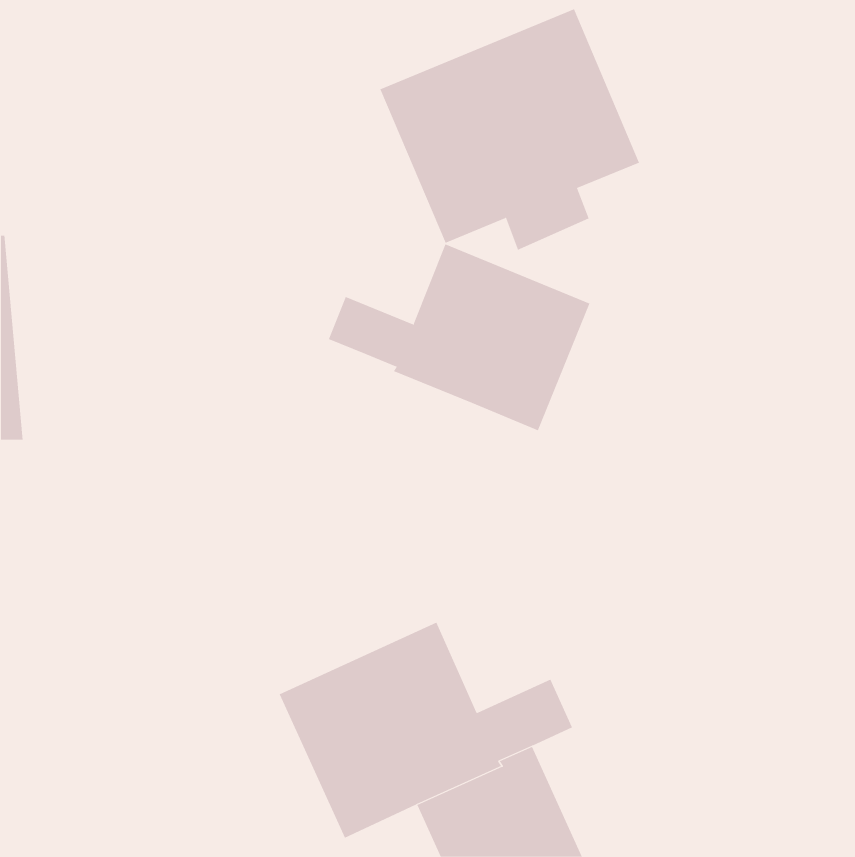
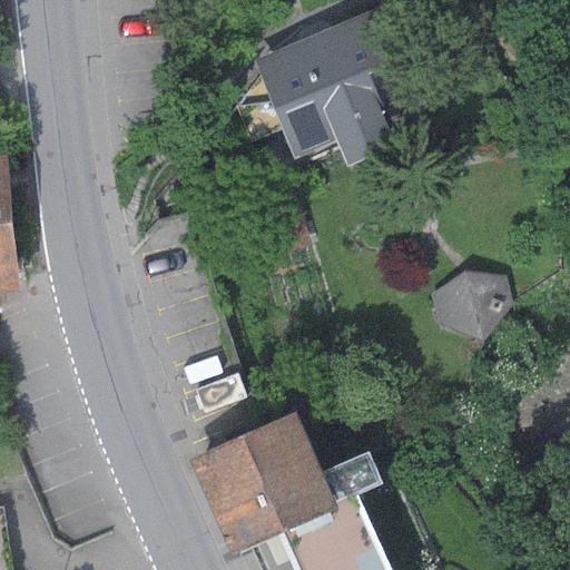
building: [328,244,590,431] -> none
building: none -> [433,269,514,342]

